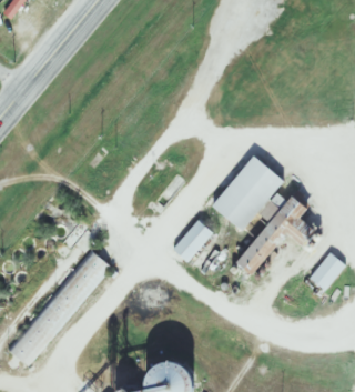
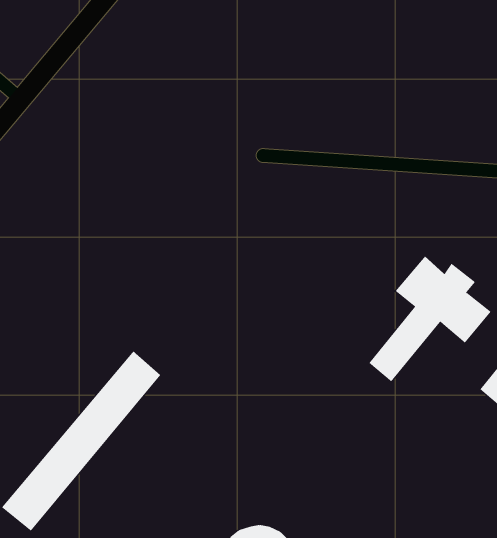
building: [213,155,285,231] -> none
building: [174,220,212,261] -> none

